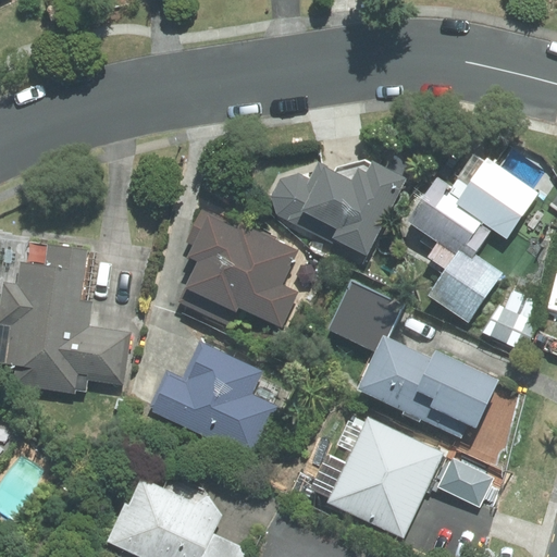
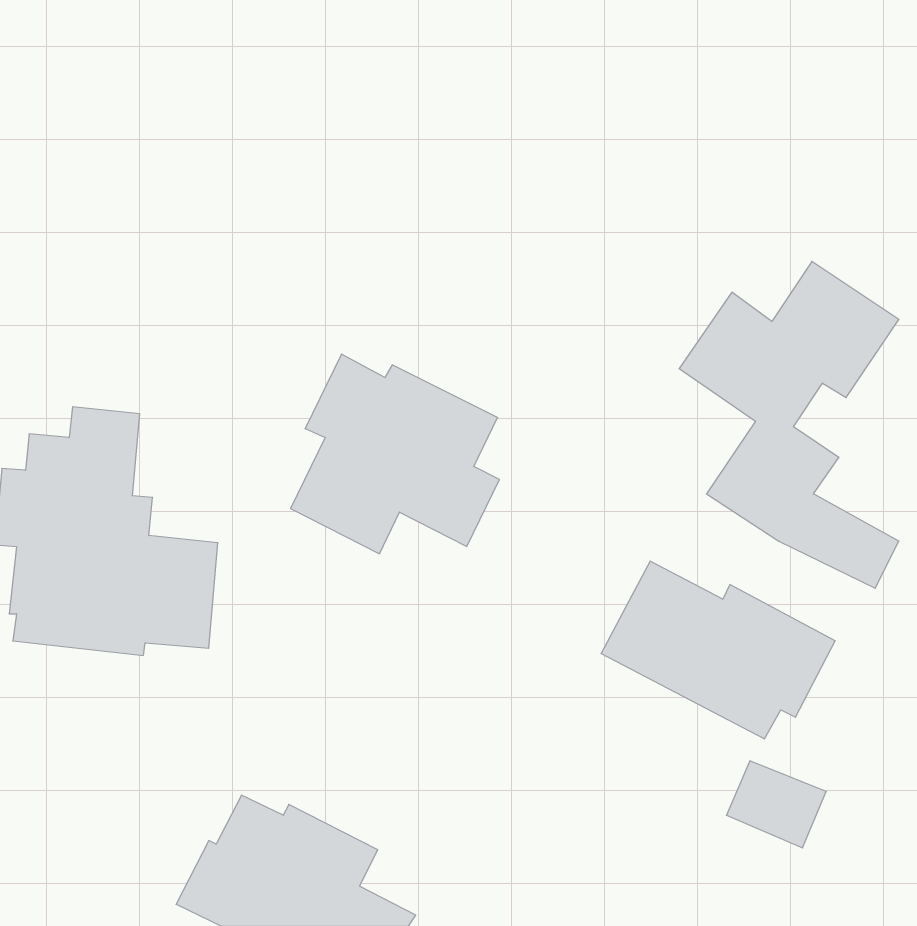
building: [264,159,406,257] -> none
building: [321,276,405,357] -> none
building: [140,339,276,461] -> none
building: [327,414,444,536] -> none

